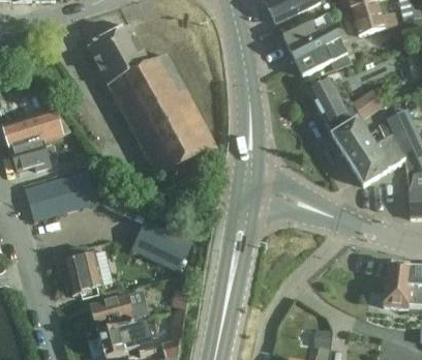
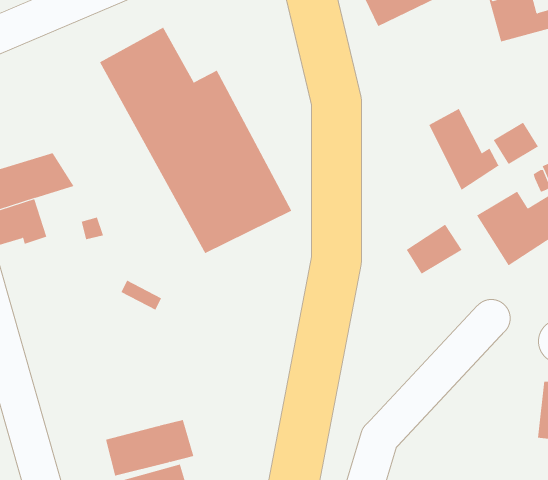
building: [281,14,350,74] -> none
building: [330,117,368,151] -> [406,224,462,274]
building: [24,169,97,220] -> none
building: [131,217,191,270] -> none
building: [62,243,100,298] -> none

